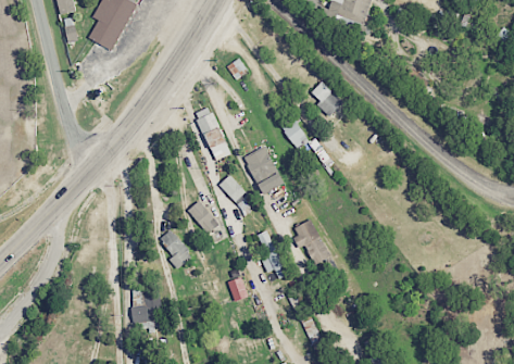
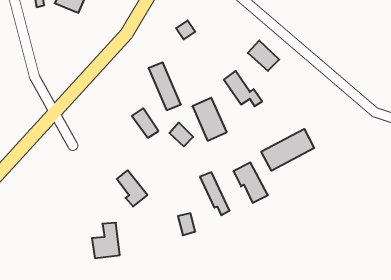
building: none -> [261,129,314,171]
building: [188,201,218,235] -> [132,108,158,138]

